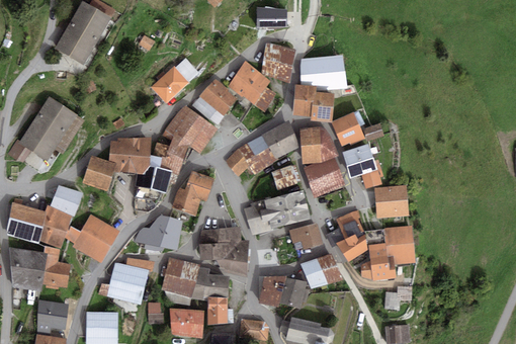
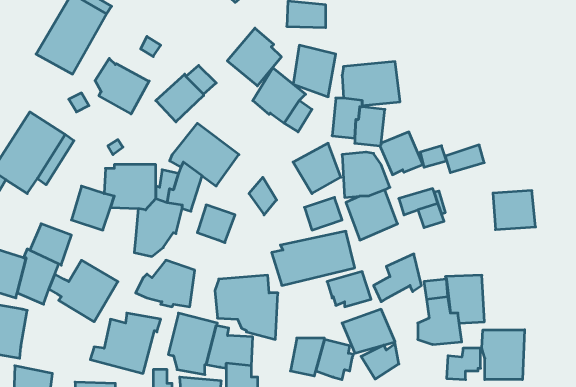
building: none -> [95,58,149,114]
building: [193,77,237,123] -> [227,28,281,86]
building: [237,135,276,173] -> none
building: [342,142,373,164] -> [445,145,484,173]
building: [374,185,409,217] -> [493,191,536,230]
building: [172,186,201,214] -> none
building: [337,234,367,262] -> [361,344,399,379]
building: [42,246,70,289] -> none
building: none -> [482,330,525,380]

